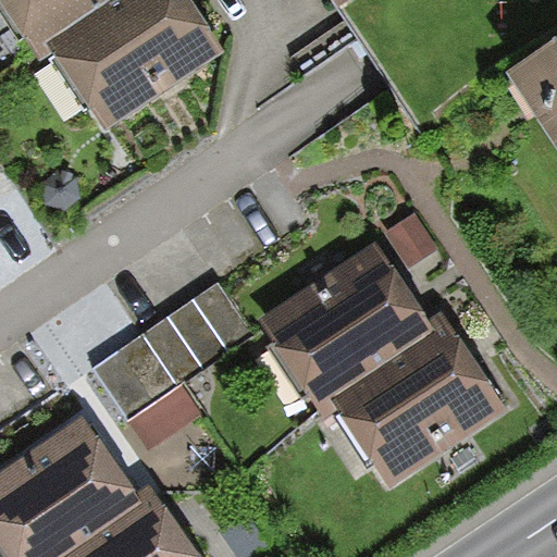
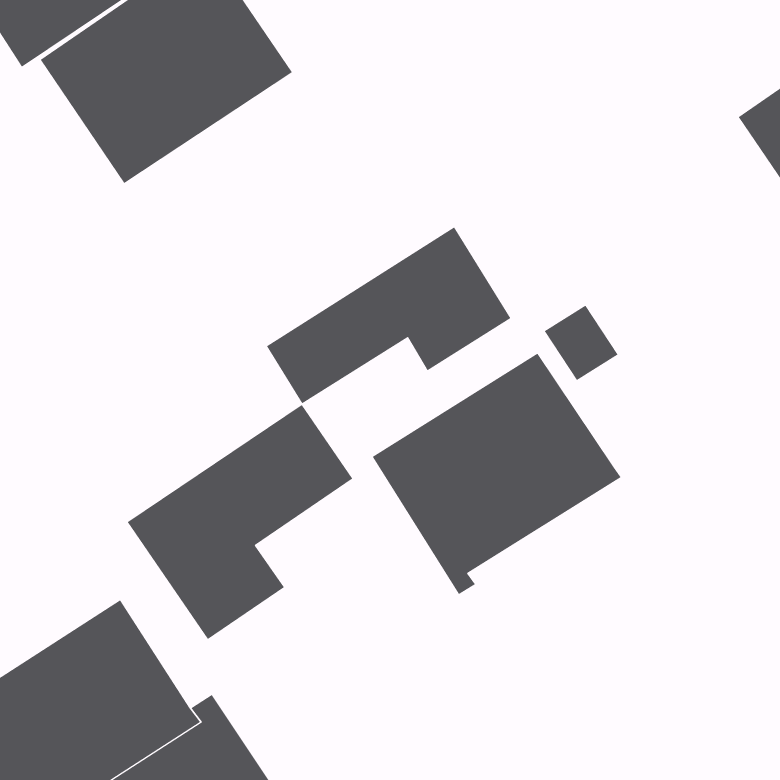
building: none -> [266,227,511,404]
building: [332,321,503,483] -> none

